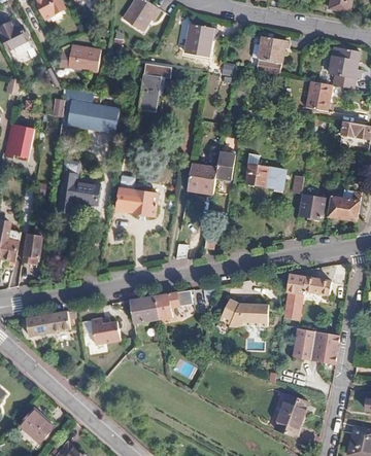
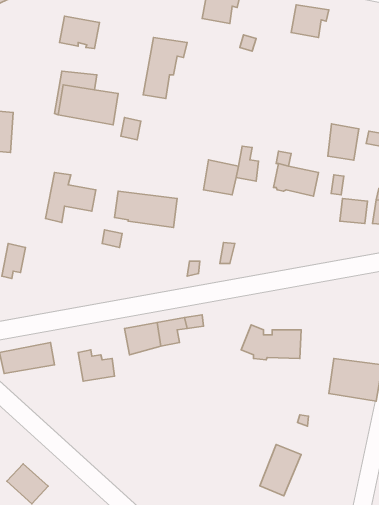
building: [303,79,329,109] -> [328,124,359,160]
building: [282,275,322,319] -> none
building: [274,394,308,436] -> [260,445,301,496]

